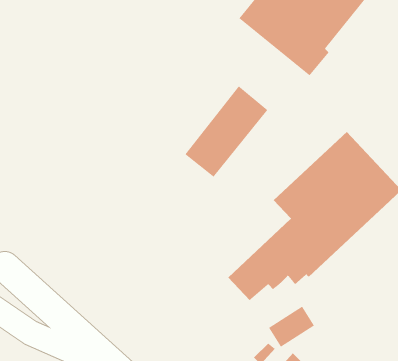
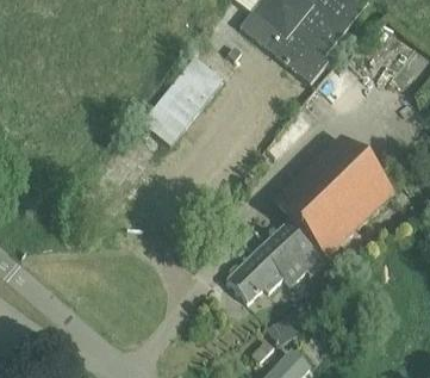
building: [184,85,268,178] -> [142,54,223,143]

